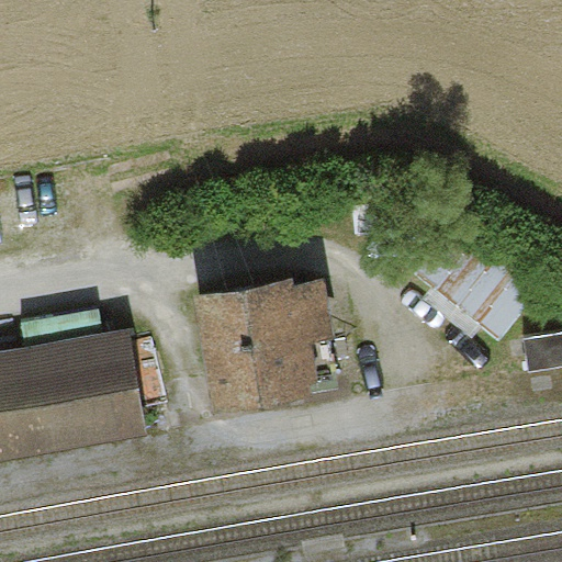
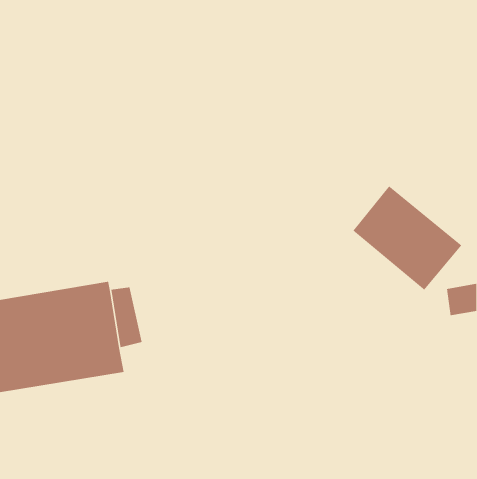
building: [192,278,333,415] -> none

